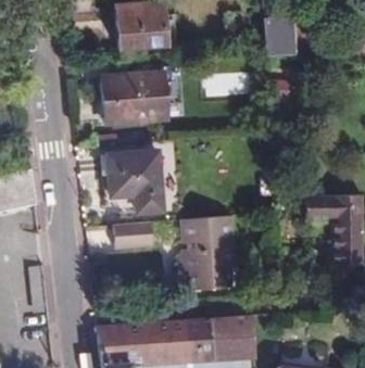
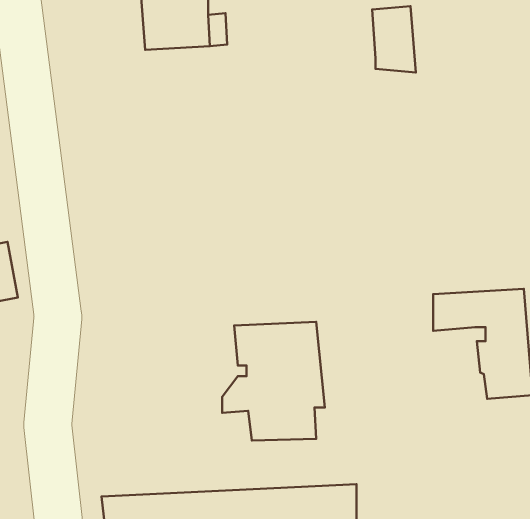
building: [102,74,167,124] -> none
building: [104,149,160,208] -> none
building: [114,219,153,246] -> none

